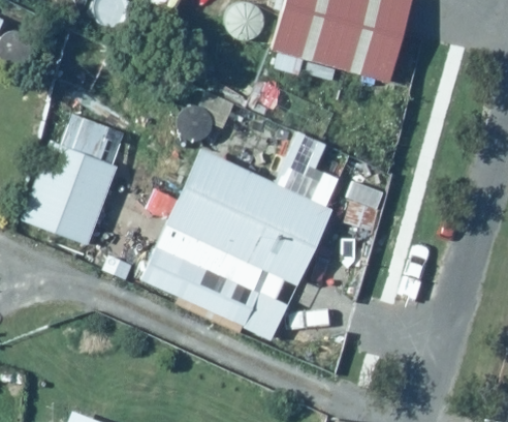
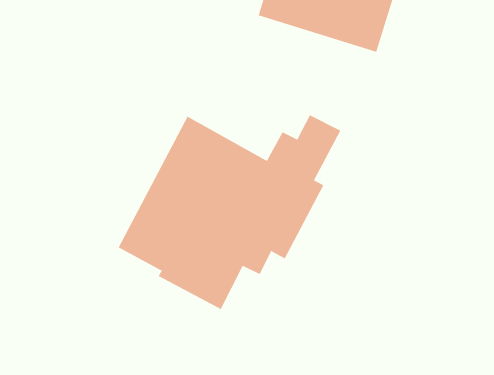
building: [26,111,121,245] -> none

